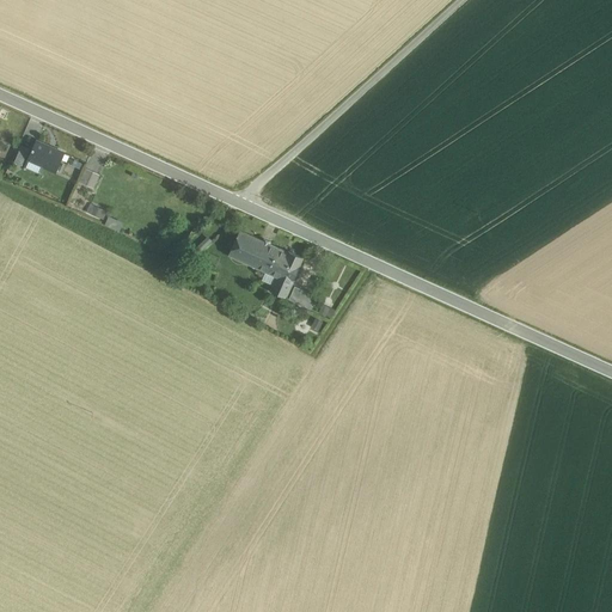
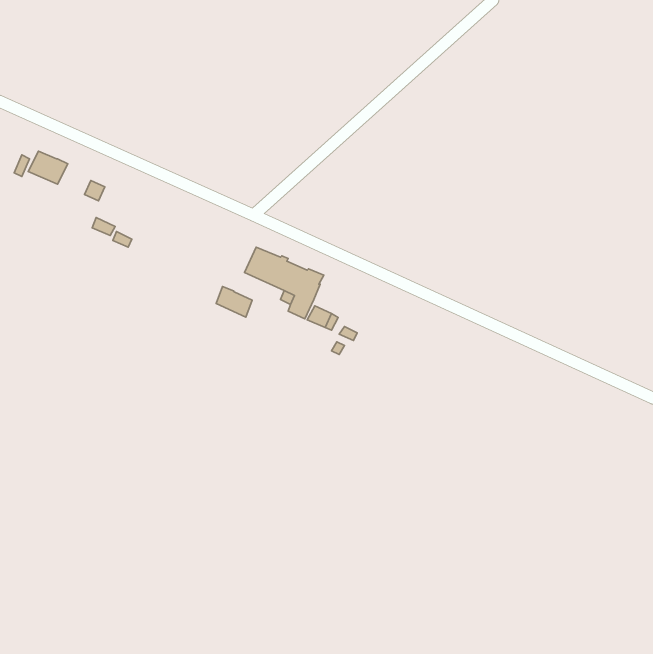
building: none -> [216,286,252,317]

